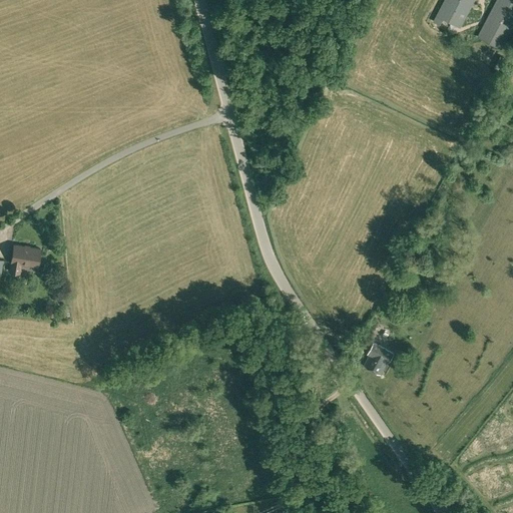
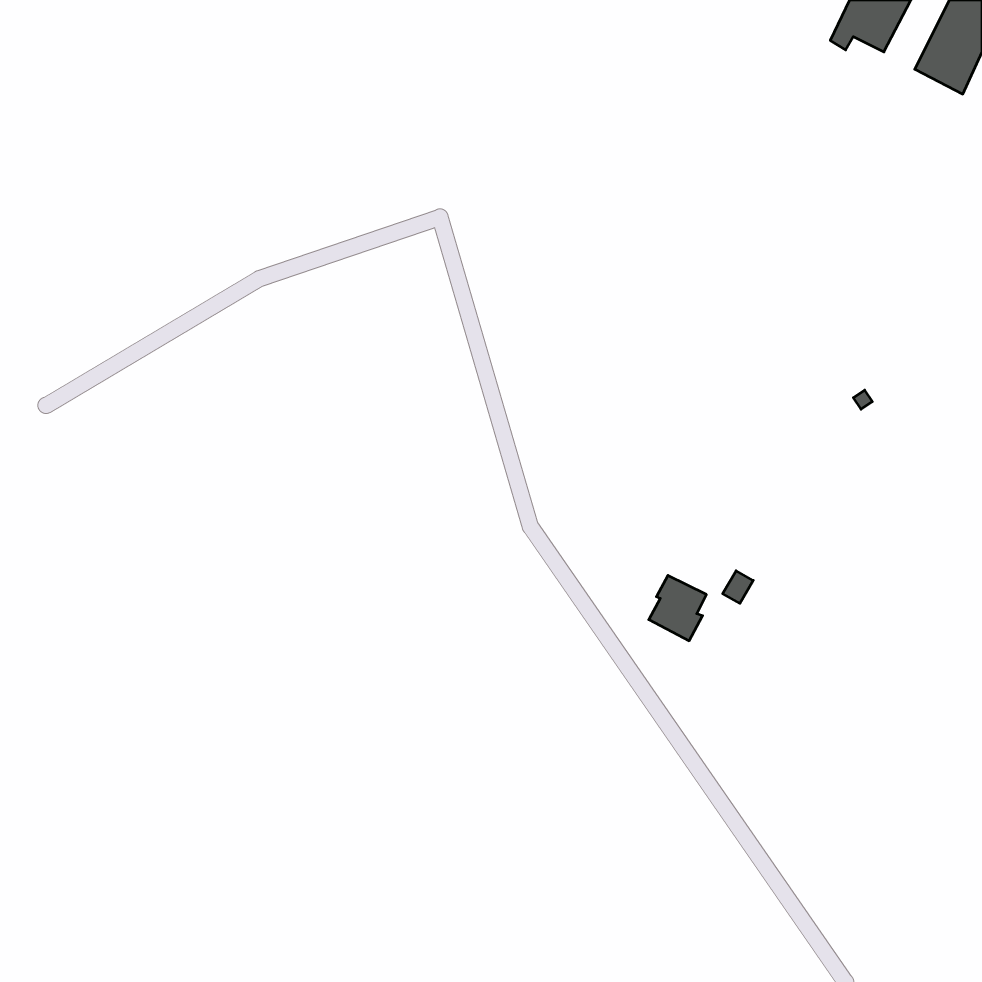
building: [10,244,40,273] -> none
building: [364,342,394,376] -> [649,575,706,641]

